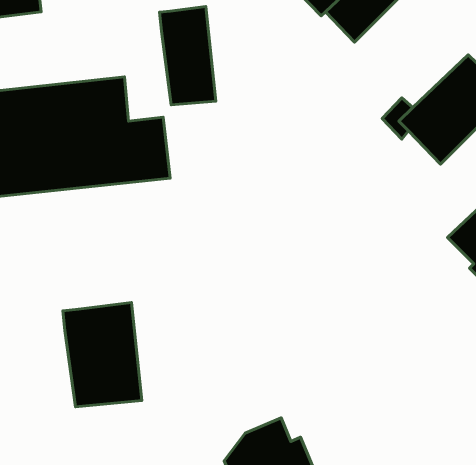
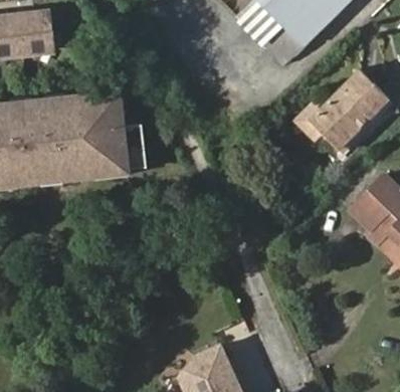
building: [160,6,216,105] -> none
building: [63,302,142,407] -> none

